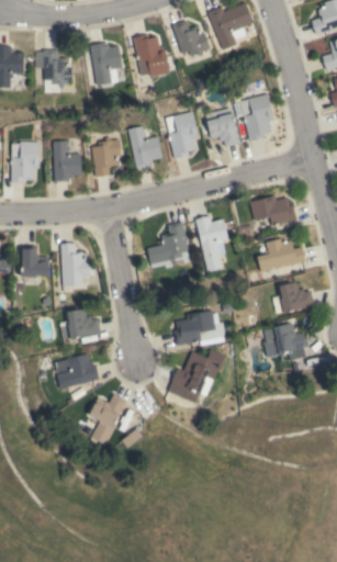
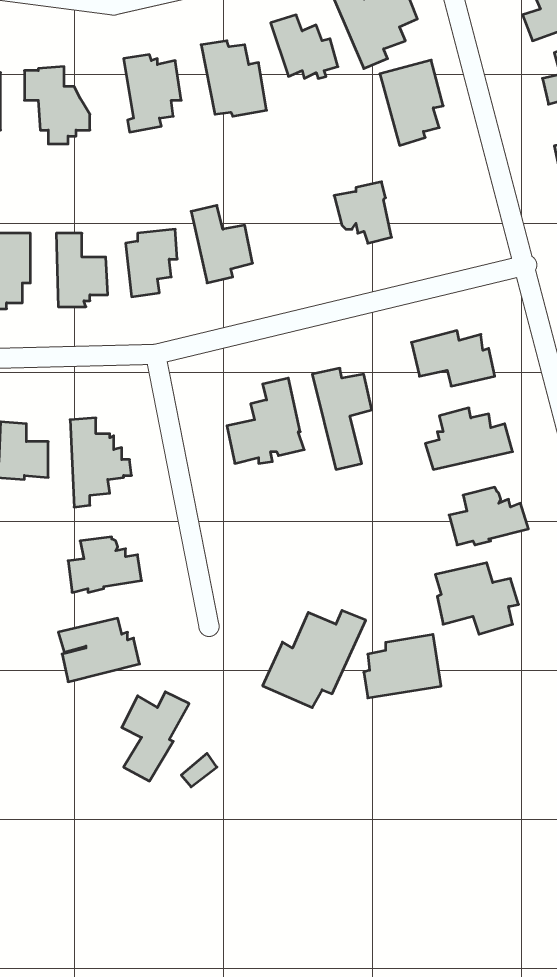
building: [239,94,274,142] -> [380,60,443,145]
building: [166,112,199,158] -> none
building: [175,311,217,346] -> [364,634,441,698]

